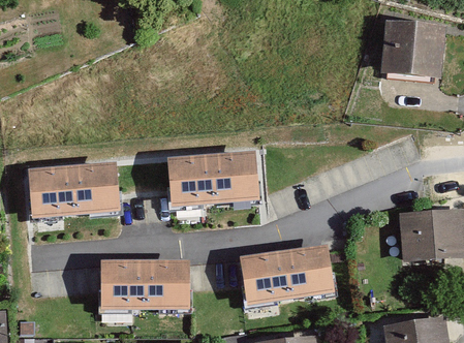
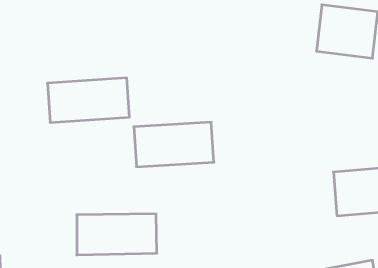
building: [26,165,121,217] -> [47,78,129,122]
building: [237,243,334,307] -> none

